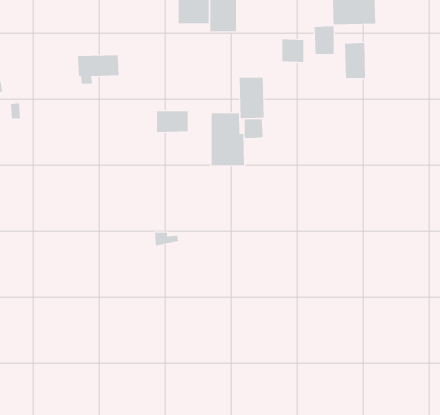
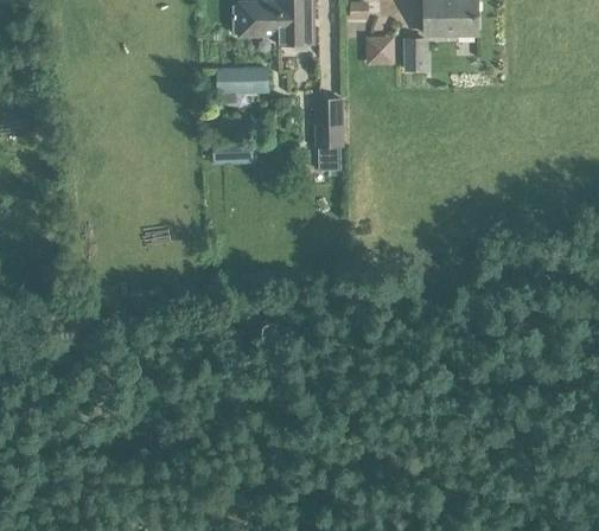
building: [345,42,366,79] -> none
building: [77,55,120,84] -> [216,68,267,103]
building: [211,112,244,166] -> none

